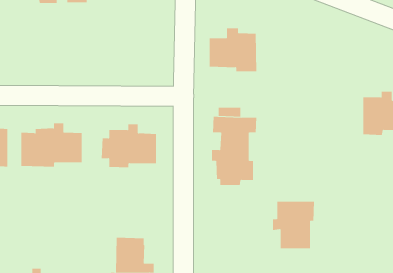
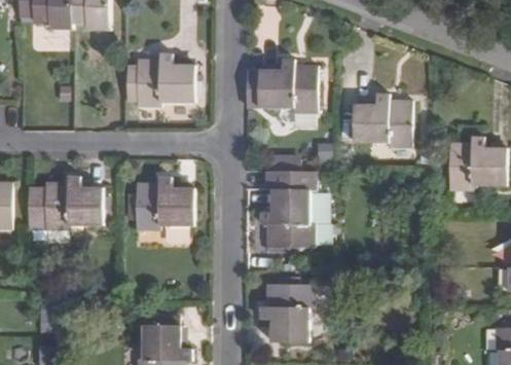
building: none -> [126,52,195,106]
building: none -> [352,94,412,147]
building: [272,201,315,249] -> [261,284,314,342]

